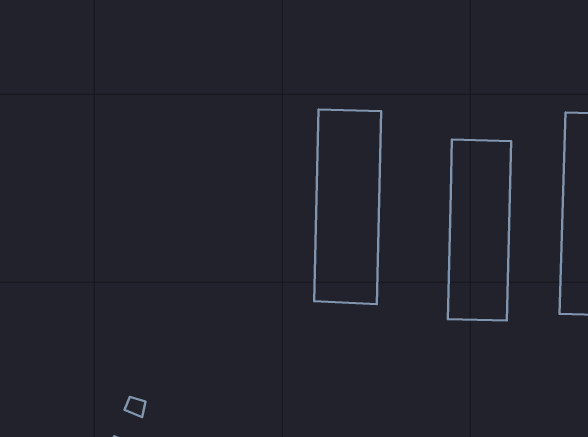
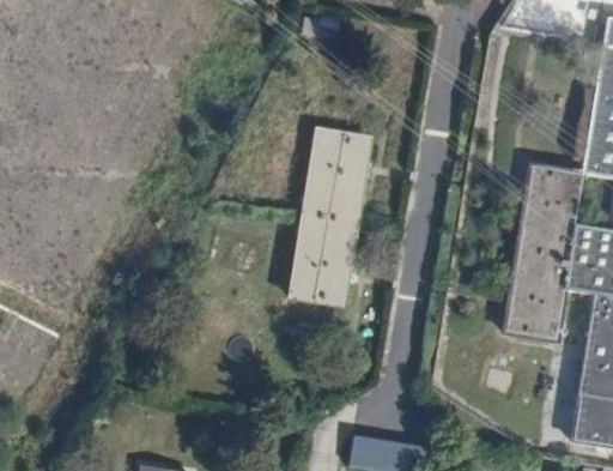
building: [448,139,511,321] -> none

